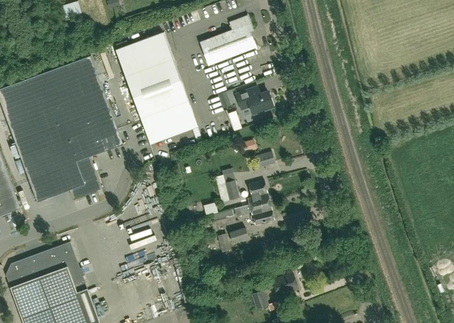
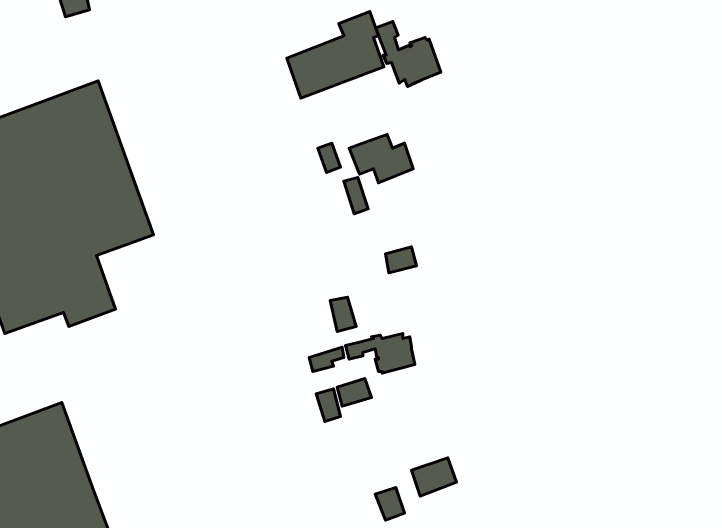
building: none -> [376,21,441,86]
building: [115,33,197,144] -> none
building: [239,180,270,206] -> none

